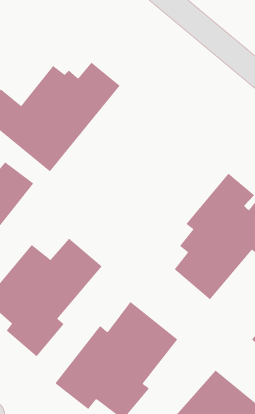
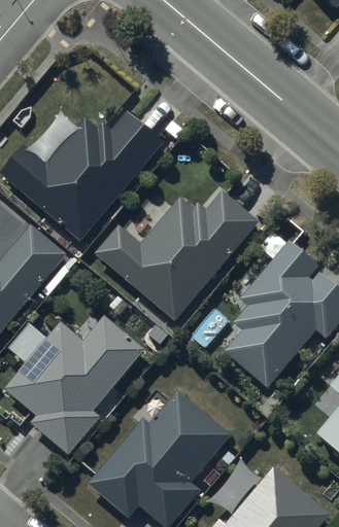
building: none -> [95,190,257,319]

